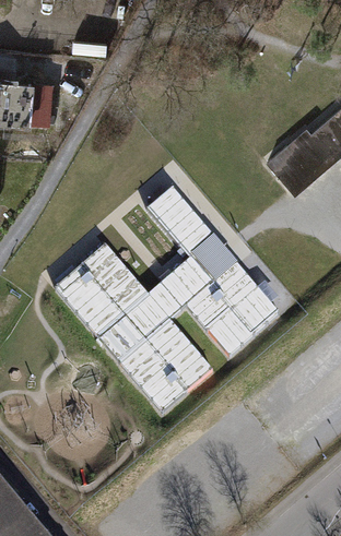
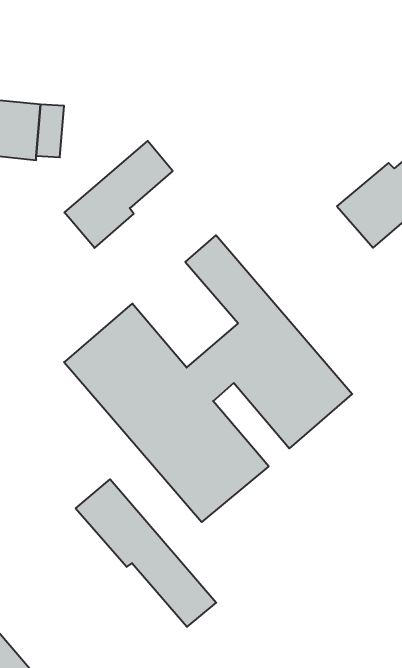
building: none -> [64,141,173,248]
building: none -> [76,479,216,627]

